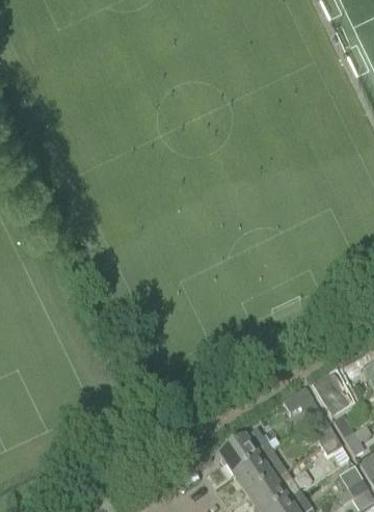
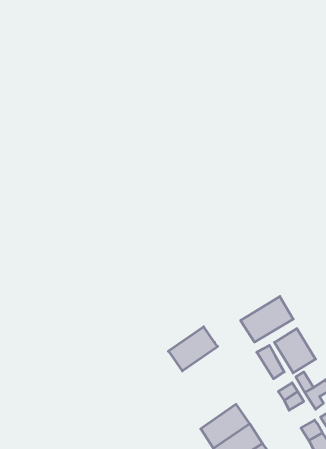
building: none -> [241,296,293,342]
building: [220,429,272,476] -> [168,327,218,371]

